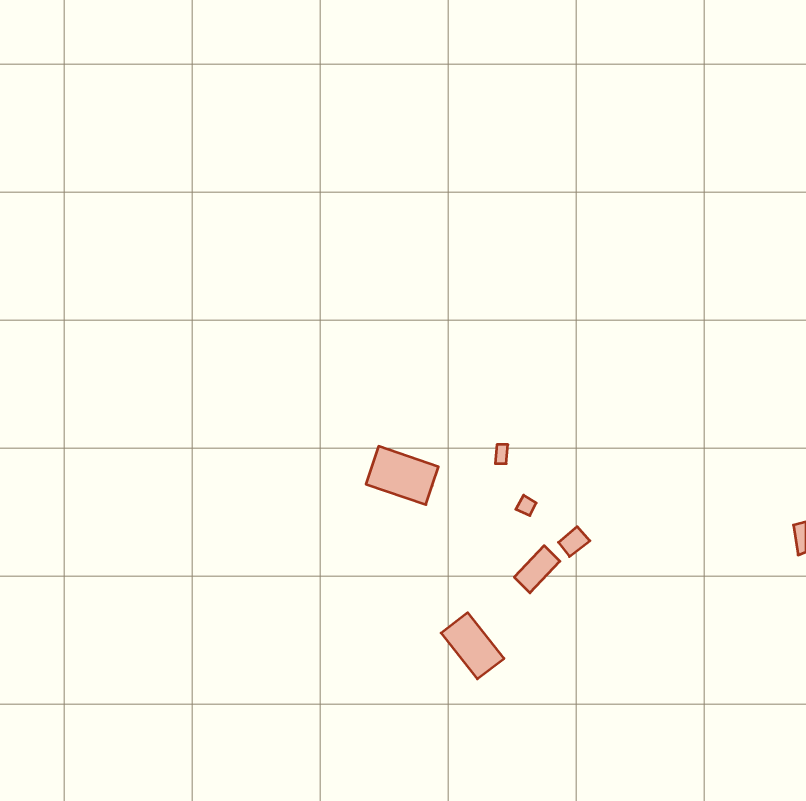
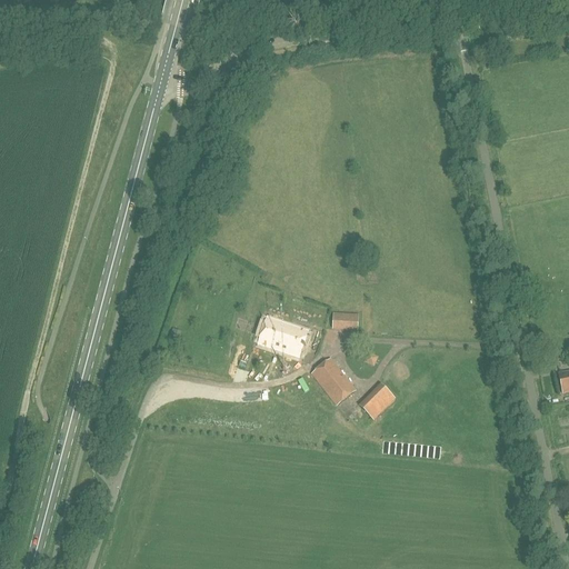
building: [441,613,504,679] -> [311,357,356,403]

